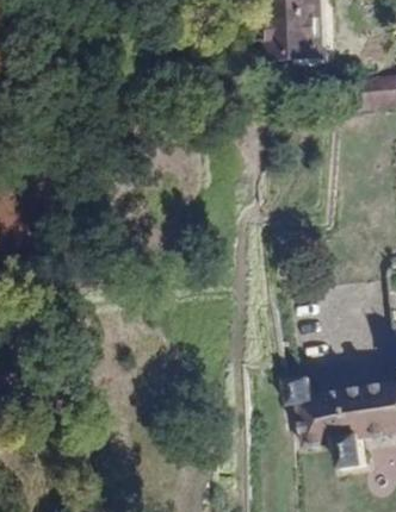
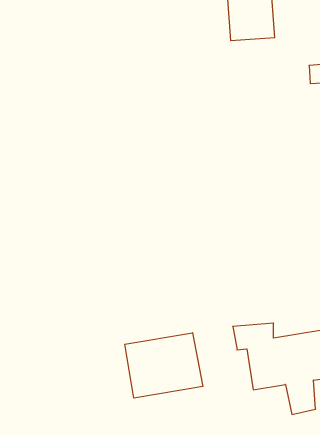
building: none -> [125,333,203,398]

